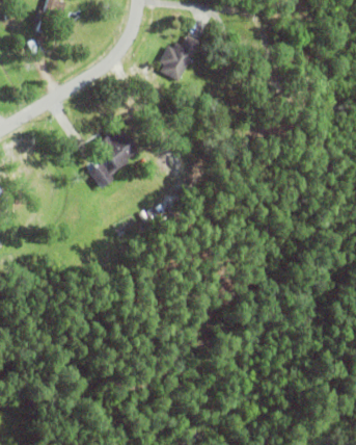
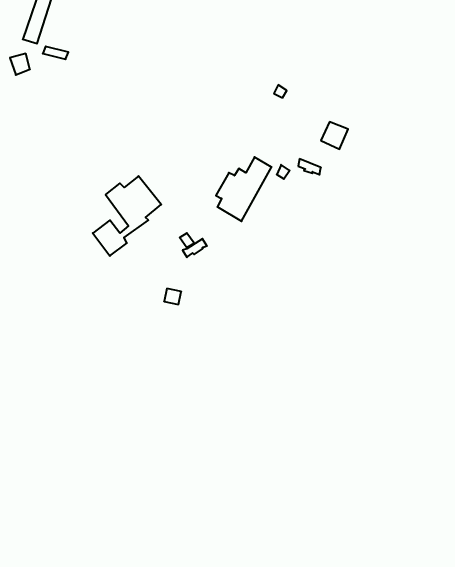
building: [160,35,200,82] -> [216,157,272,221]

